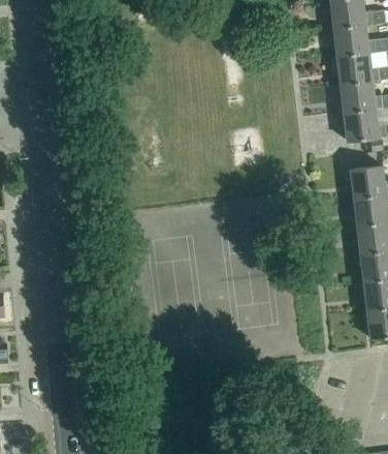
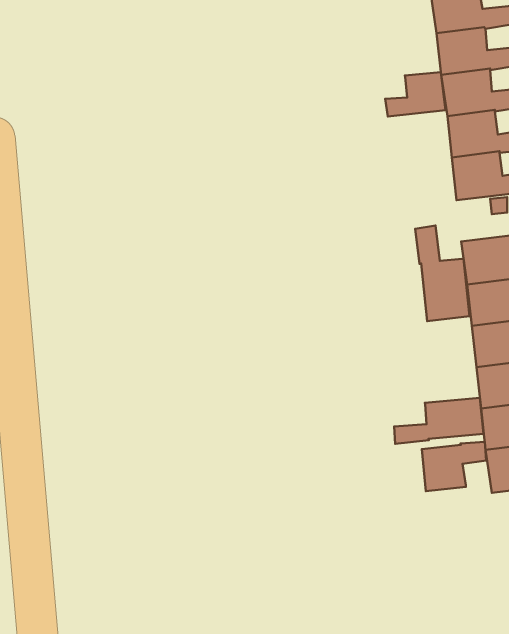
building: none -> [385,72,446,117]
building: none -> [415,226,470,321]
building: none -> [394,398,484,444]
building: none -> [422,442,486,491]

